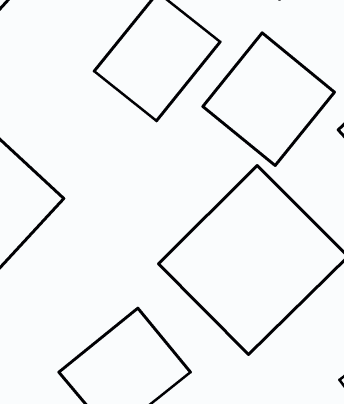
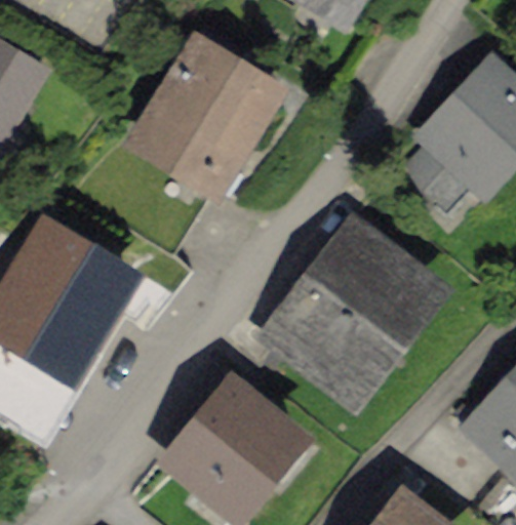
building: [203,33,334,166] -> none

